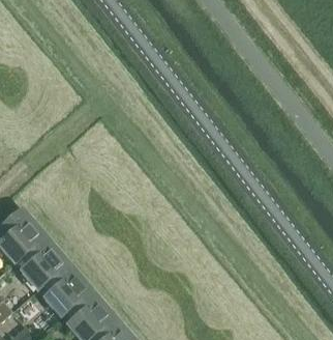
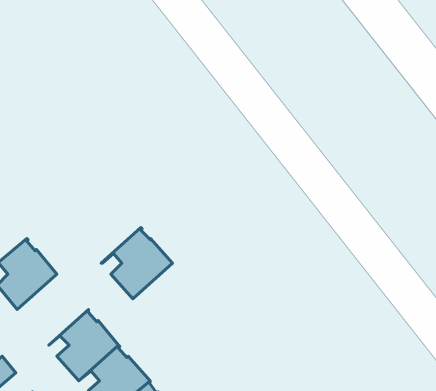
building: [14,236,68,290] -> [101,227,172,299]

